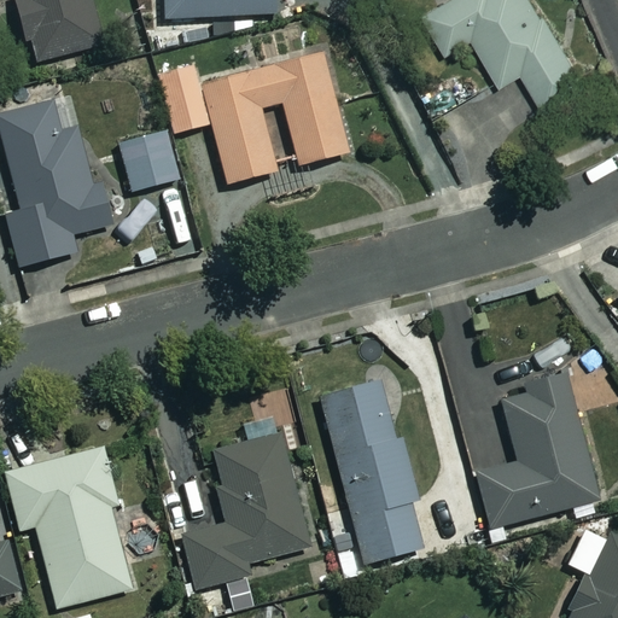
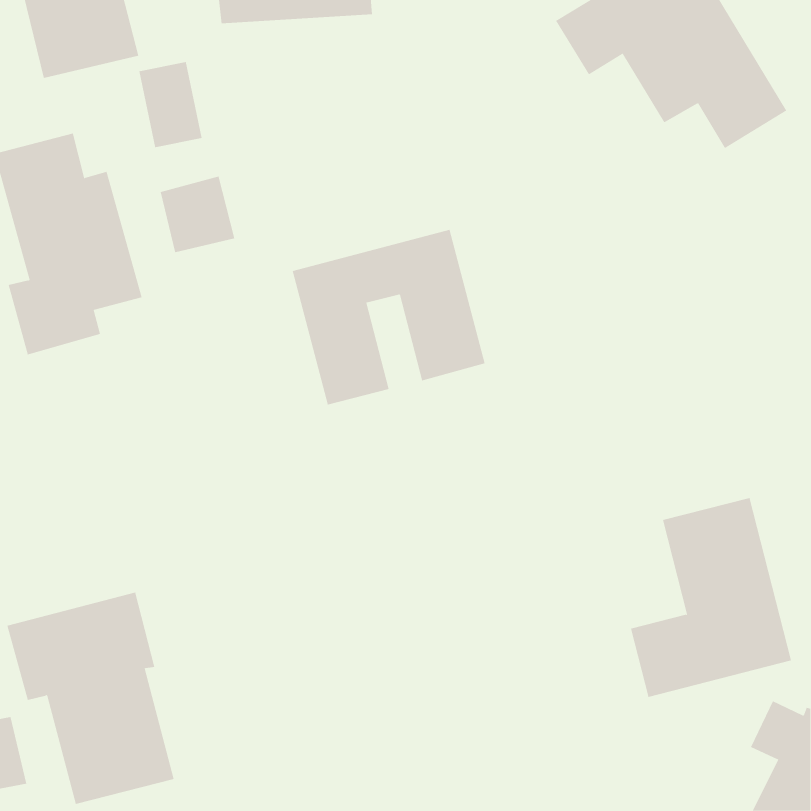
building: [202,52,348,185] -> [292,229,485,405]
building: [157,68,205,133] -> [138,61,202,148]
building: [321,380,421,564] -> none
building: [182,427,308,587] -> none

